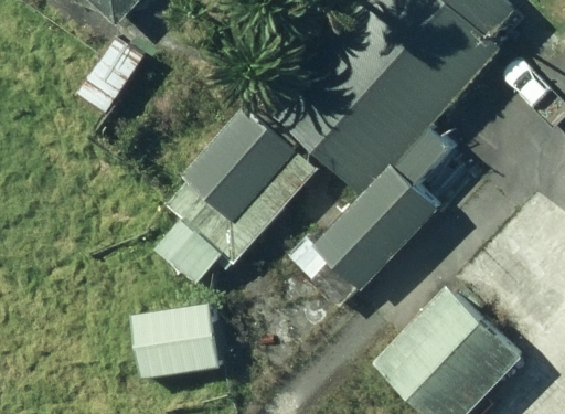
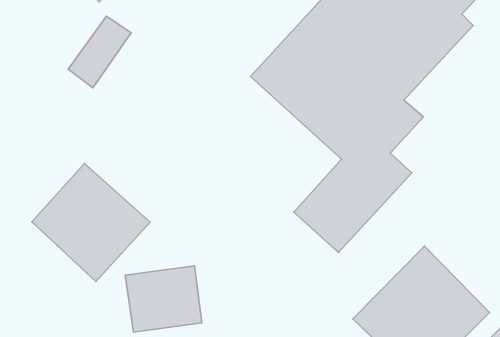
building: [158,107,318,286] -> none
building: none -> [32,163,150,281]

